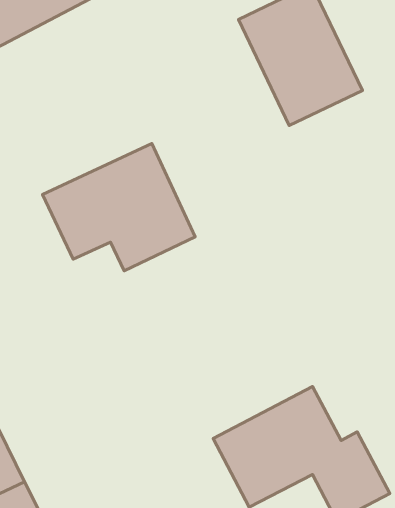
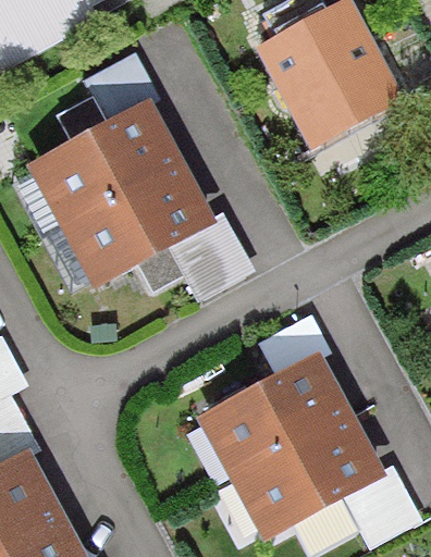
building: none -> [34,94,177,214]
building: none -> [208,309,343,465]

